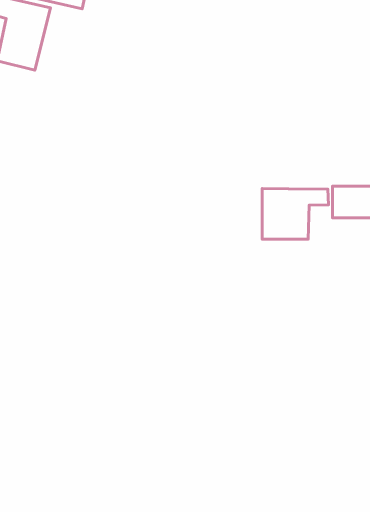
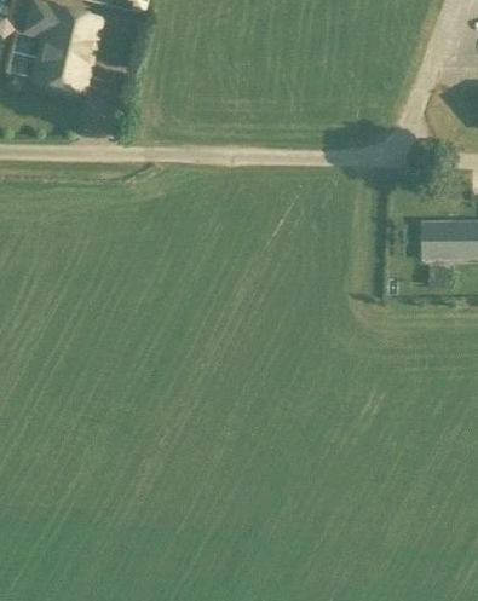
building: [262,188,328,239] -> none

